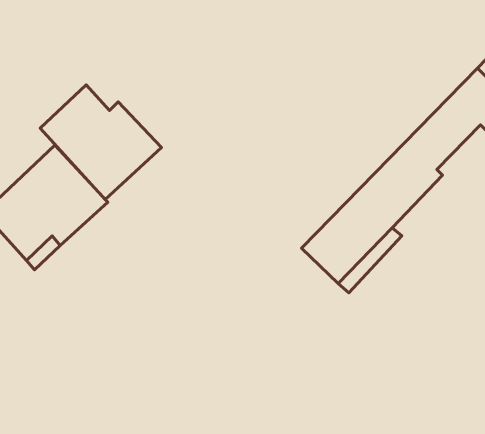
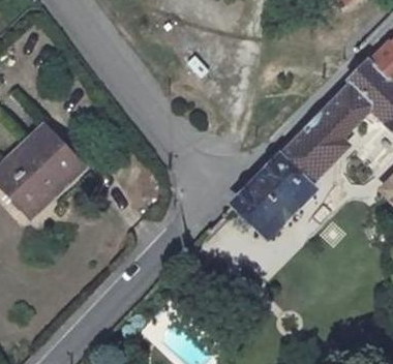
building: [40,85,161,200] -> none

